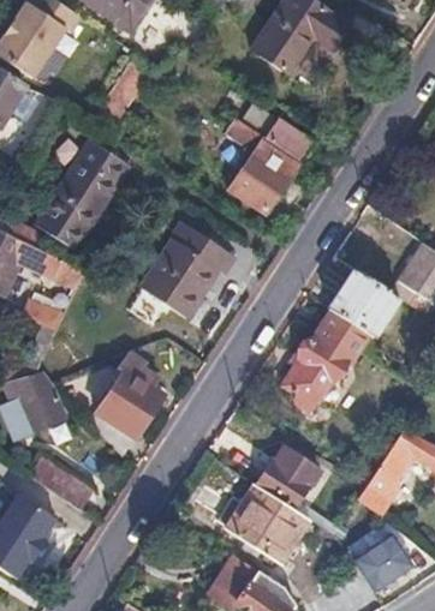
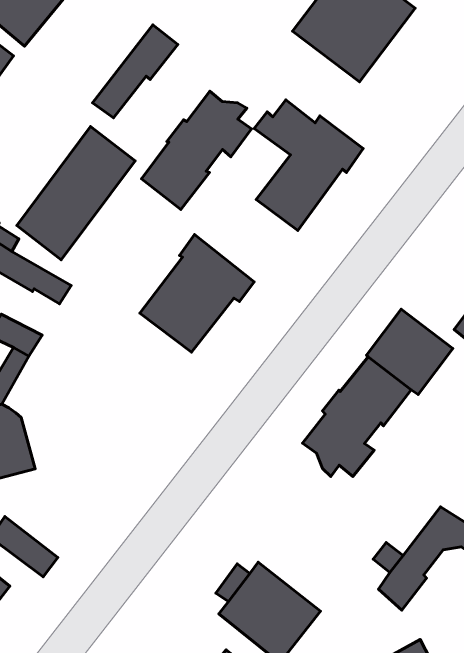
building: none -> [141,91,251,210]
building: [90,352,162,455] -> none
building: [258,448,318,505] -> none

